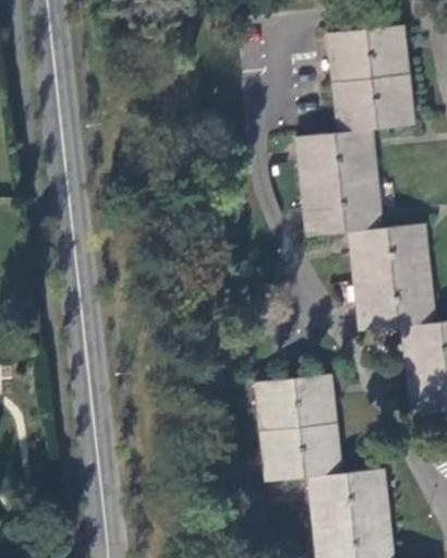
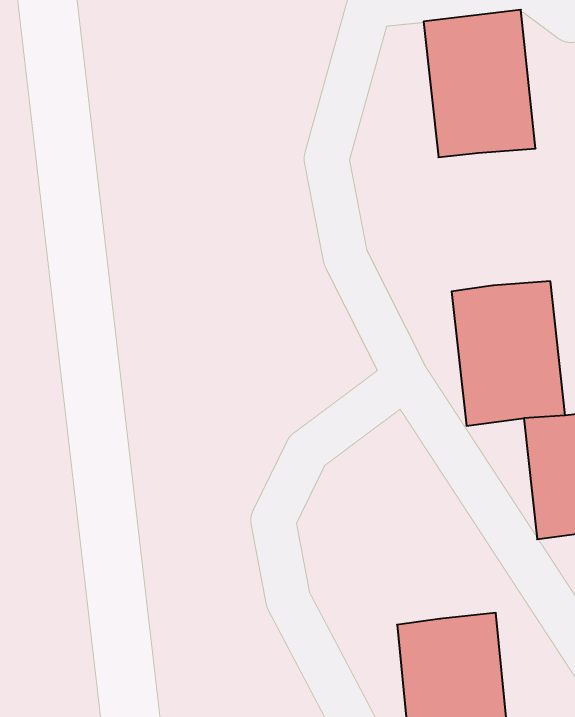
building: [295,130,379,235] -> none
building: [256,376,340,483] -> none

